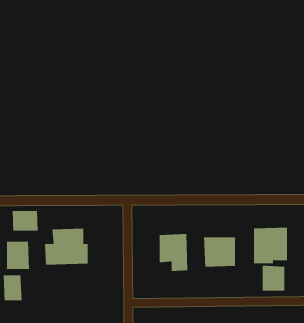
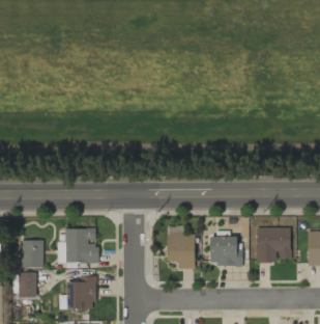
building: [12,210,38,232] -> none
building: [262,265,285,291] -> none
building: none -> [67,275,95,308]

